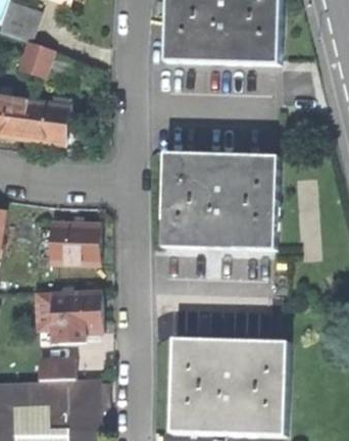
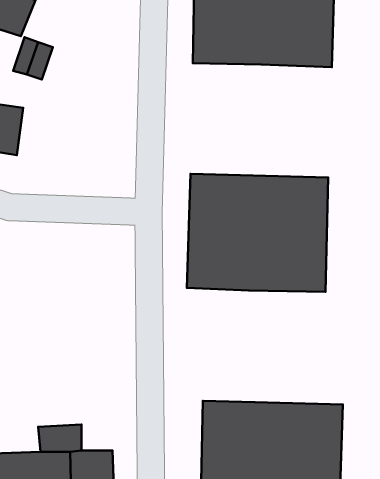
building: [21,99,69,144] -> none
building: [50,223,100,262] -> none
building: [35,289,103,342] -> none

